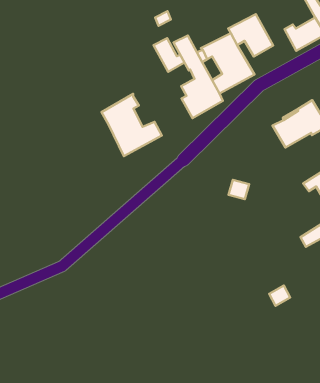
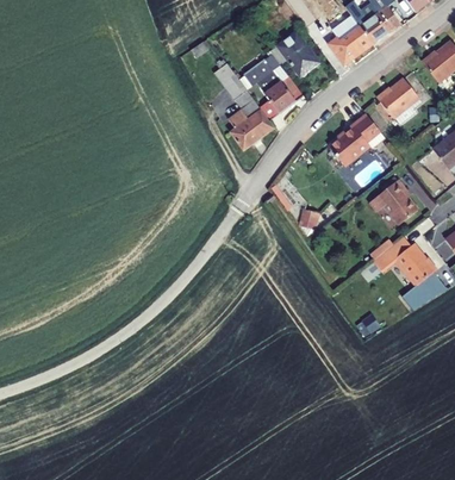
building: [154,38,184,72] -> none
building: [102,94,162,156] -> none

